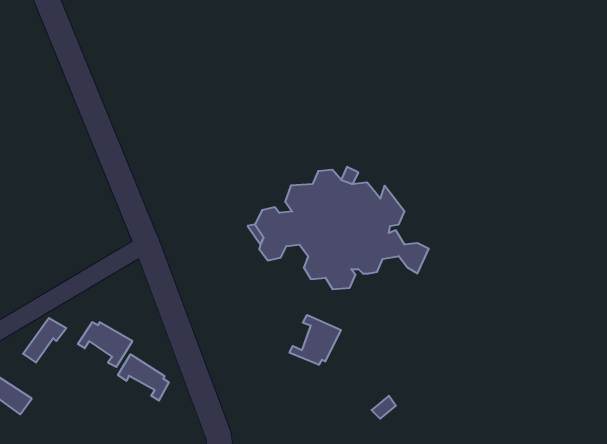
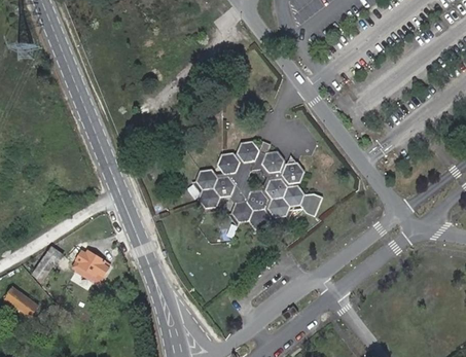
building: [290,315,341,365] -> none
building: [118,354,169,401] -> none

